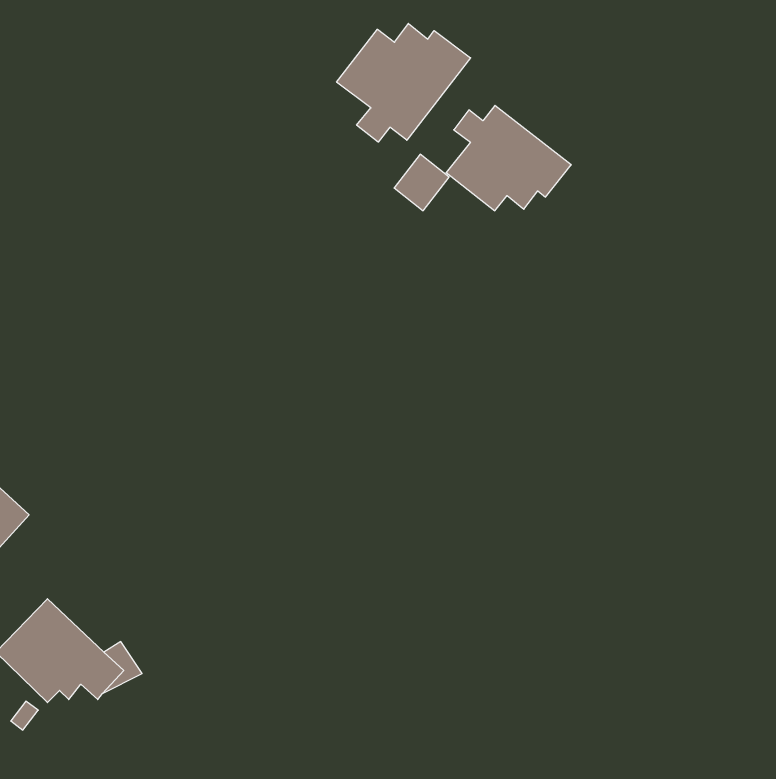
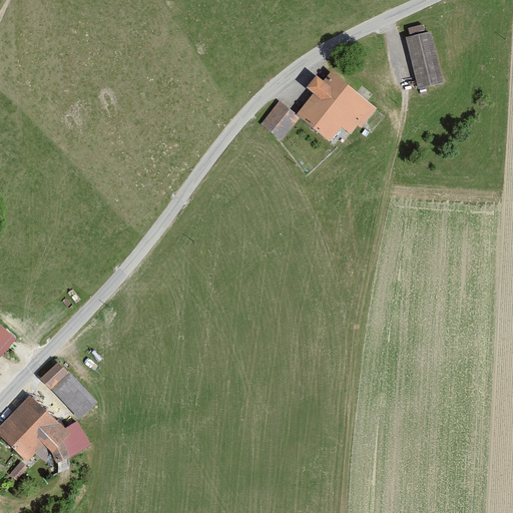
building: [337,23,471,142] -> none
building: none -> [401,31,438,88]
building: none -> [49,367,99,418]

